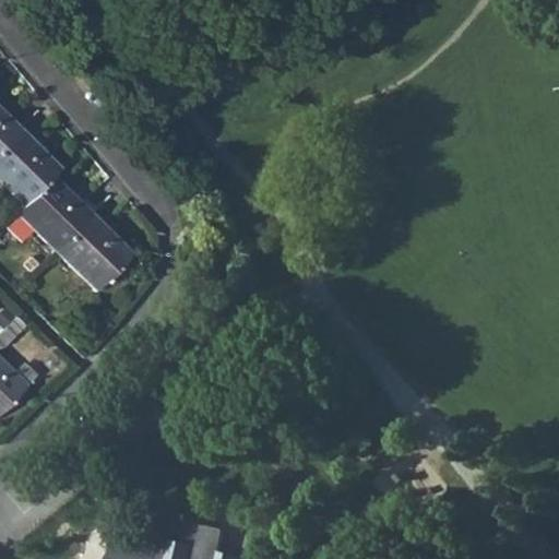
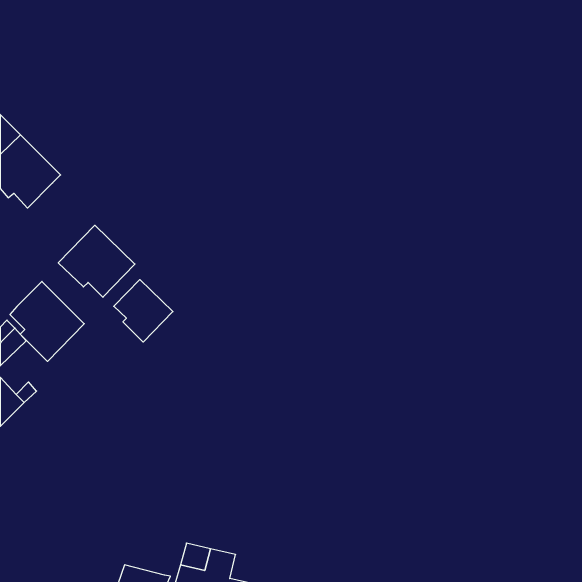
building: [22,177,93,253] -> [10,281,84,361]
building: none -> [114,280,173,342]

